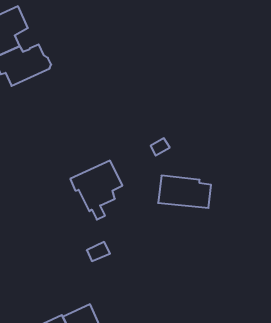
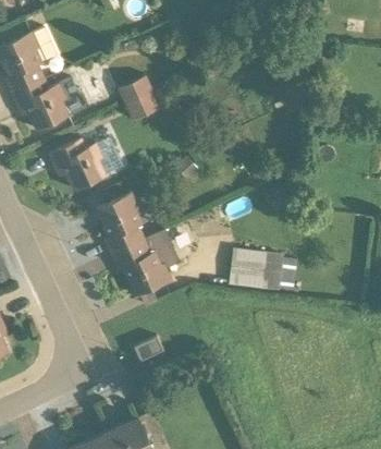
building: none -> [121,72,163,117]
building: none -> [47,137,124,190]
building: none -> [94,192,145,253]

